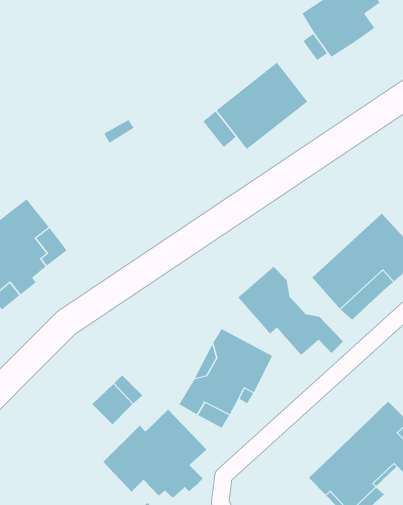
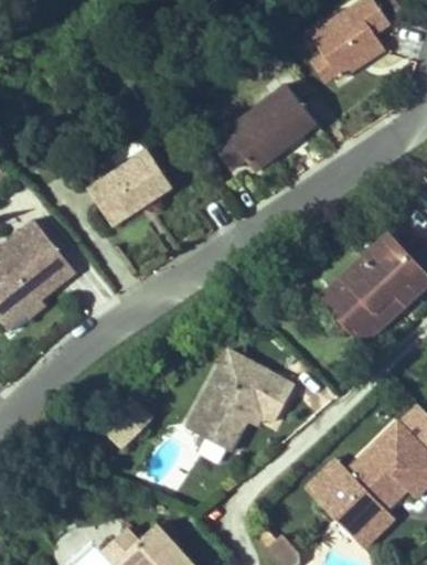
building: none -> [88,150,171,224]
building: [238,266,344,356] -> none
building: [103,409,207,499] -> none

